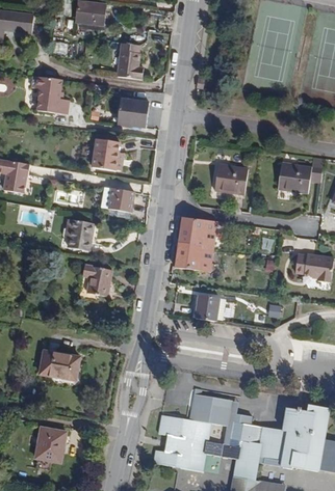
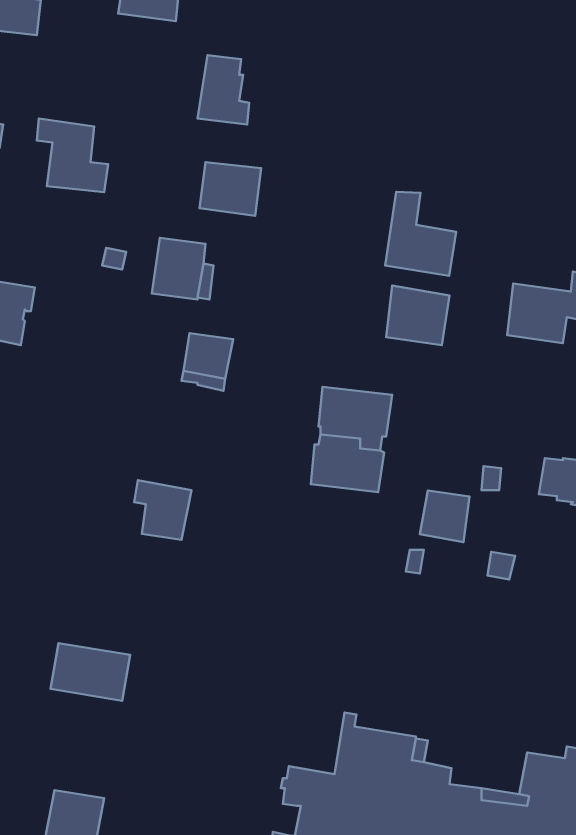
building: none -> [385,192,456,276]
building: [67,218,94,250] -> none
building: [195,294,221,321] -> [420,491,470,542]

